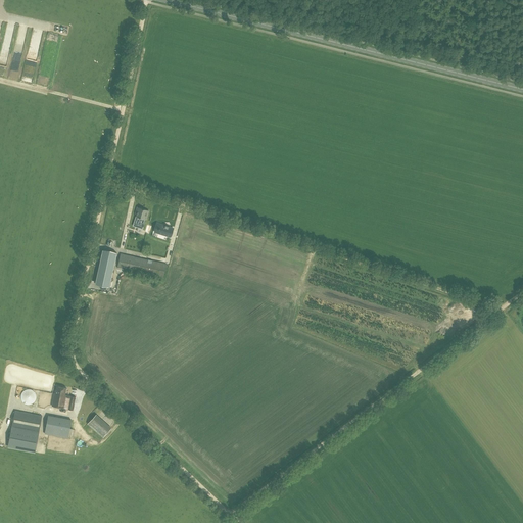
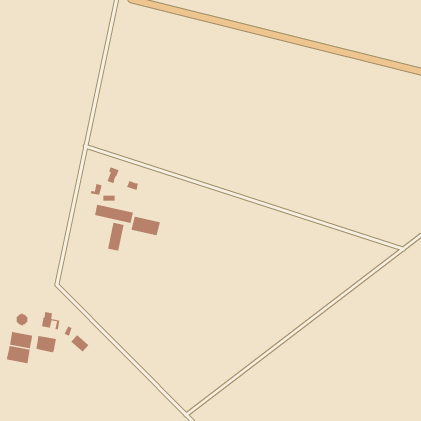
building: [94,249,115,286] -> [107,222,125,252]
building: none -> [131,216,161,236]

